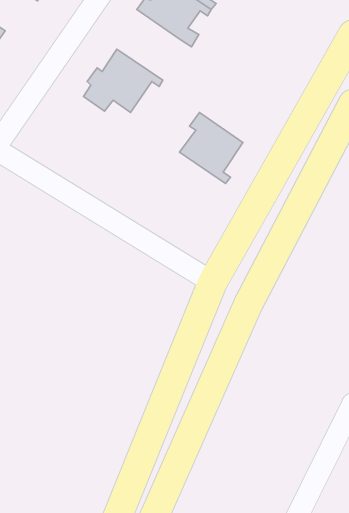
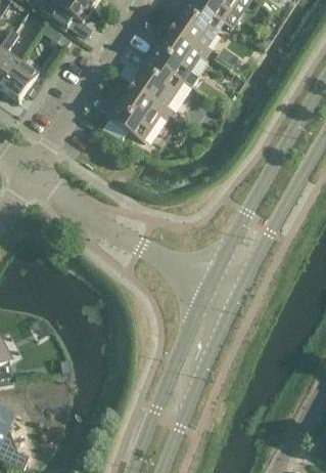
building: [180,113,243,183] -> [131,54,183,113]

